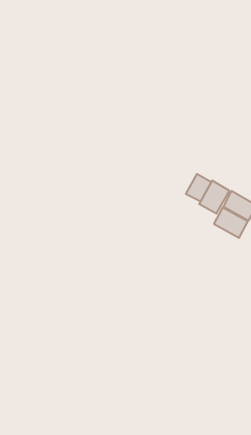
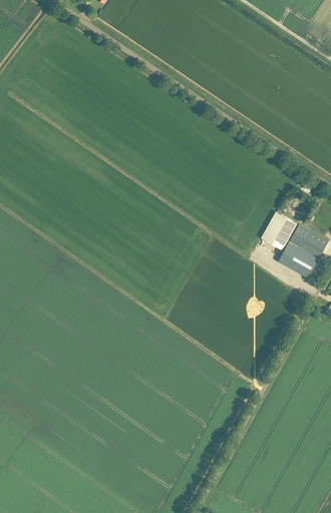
building: [186,174,211,202] -> none

